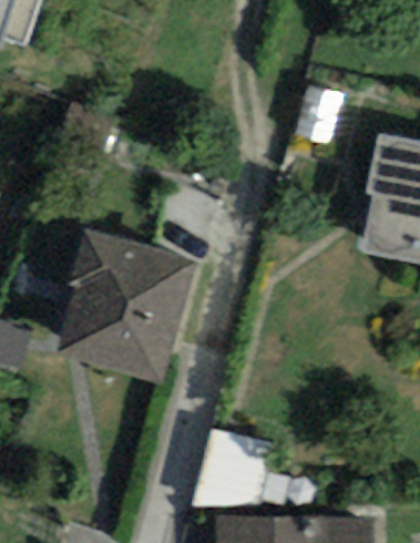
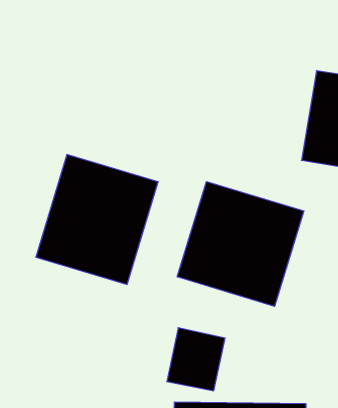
building: none -> [177,182,304,306]

